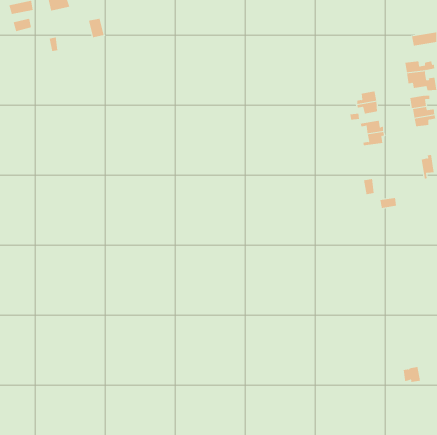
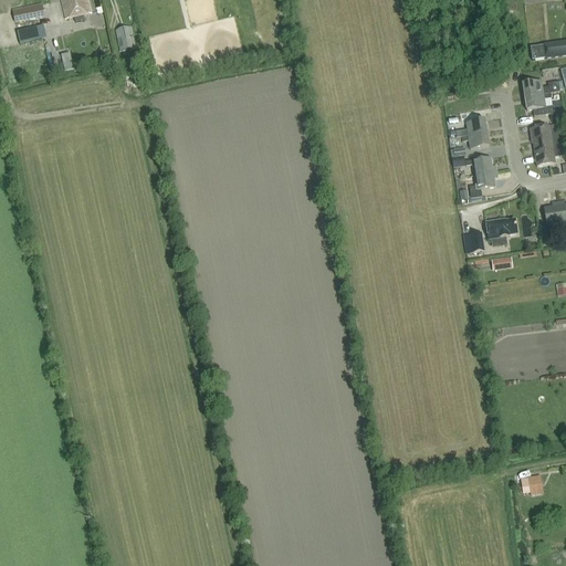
building: none -> [484,217,516,244]

